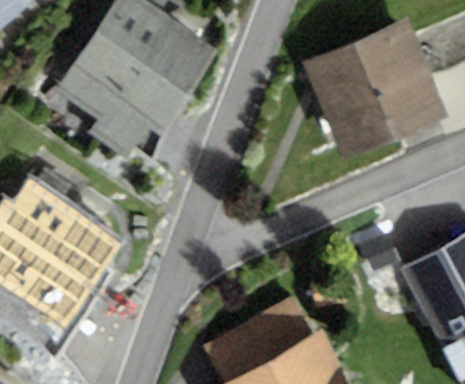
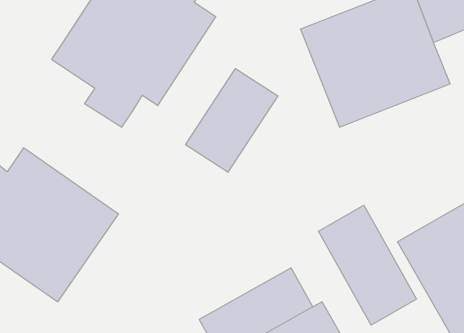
building: none -> [186,69,278,172]
building: none -> [318,205,417,325]

